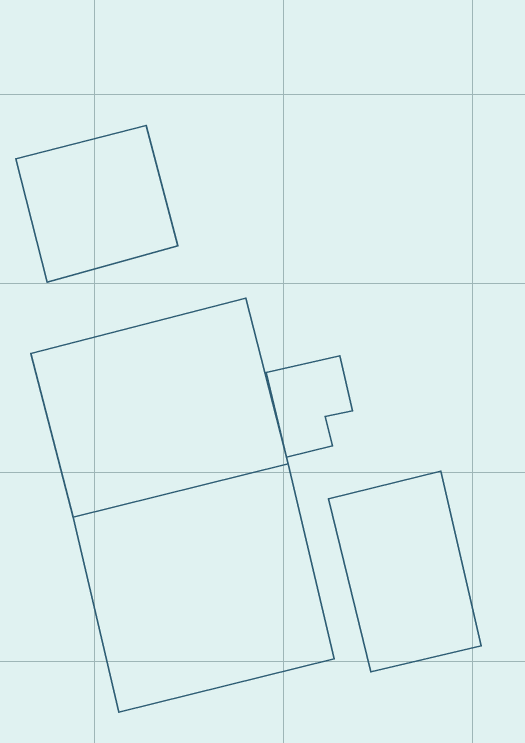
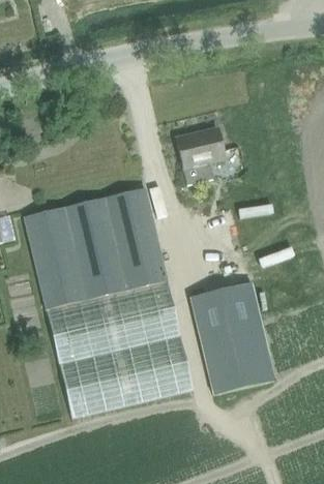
building: [16,126,178,282] -> none
building: [266,356,353,457] -> [176,127,225,184]

